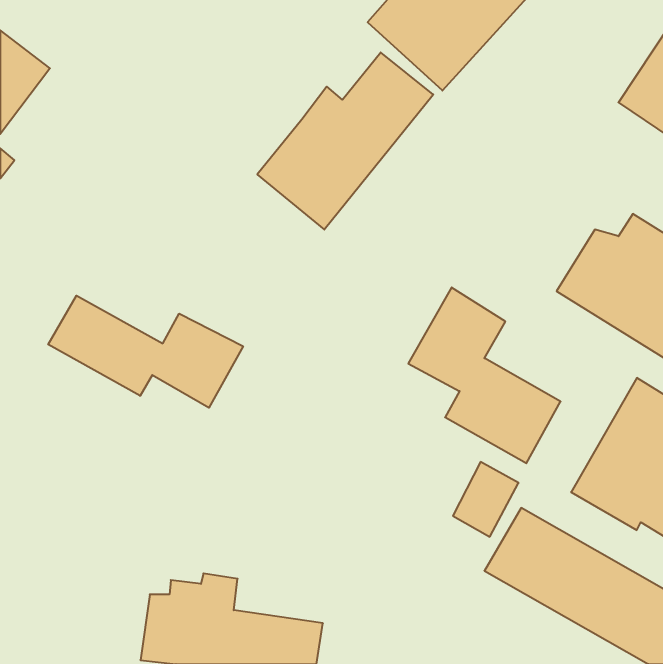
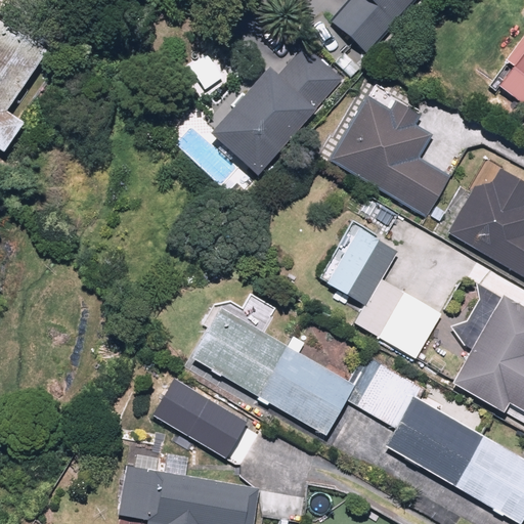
building: none -> [325,96,452,219]
building: [48,296,243,408] -> none
building: none -> [187,290,356,435]
building: none -> [177,386,265,467]

